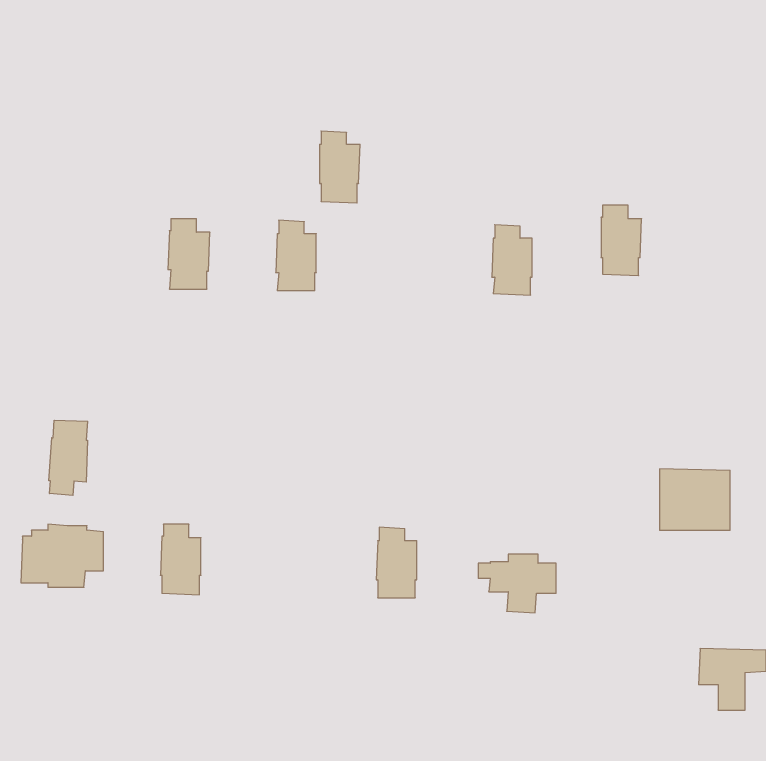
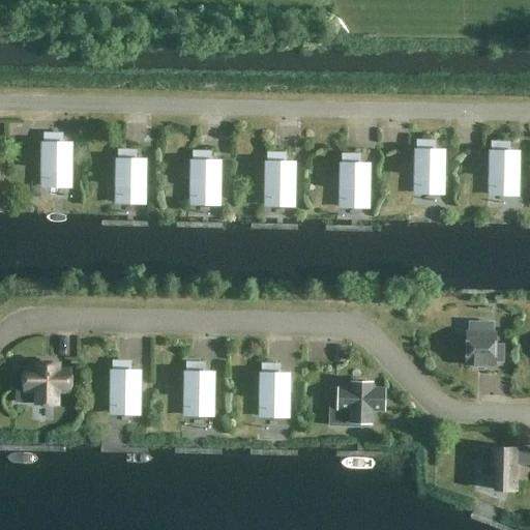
building: [320,131,360,203] -> [266,156,294,206]
building: none -> [42,139,69,190]
building: none -> [489,148,518,196]
building: [49,420,88,495] -> none
building: none -> [184,366,213,415]

